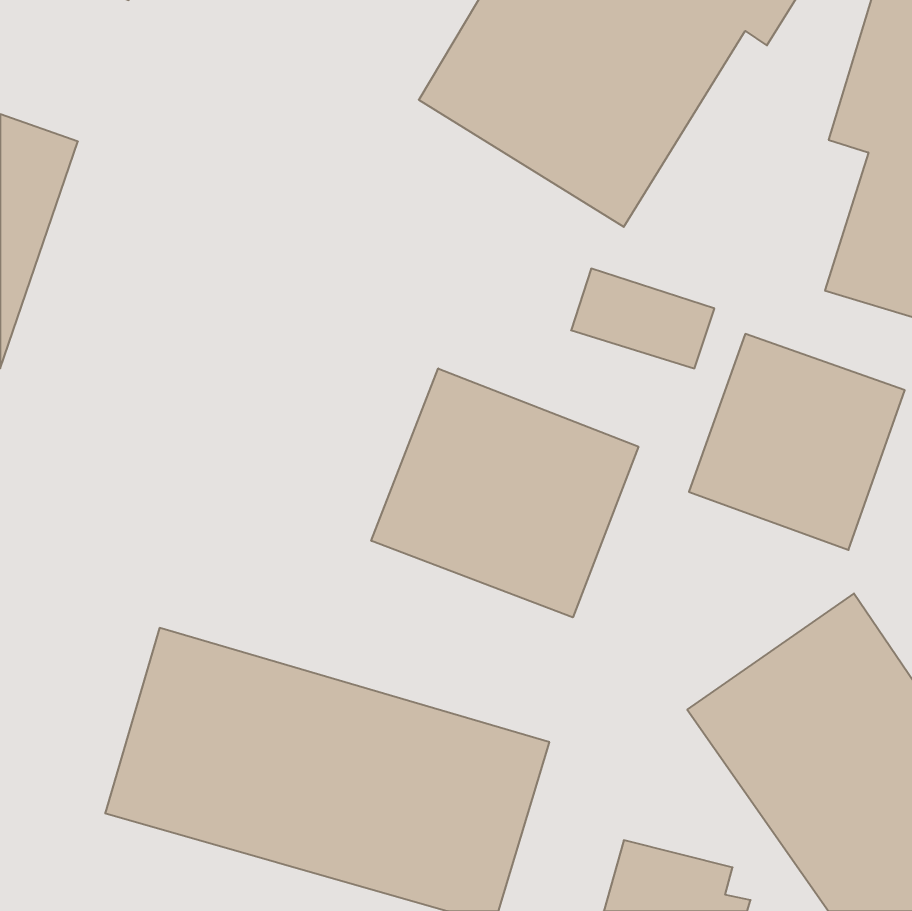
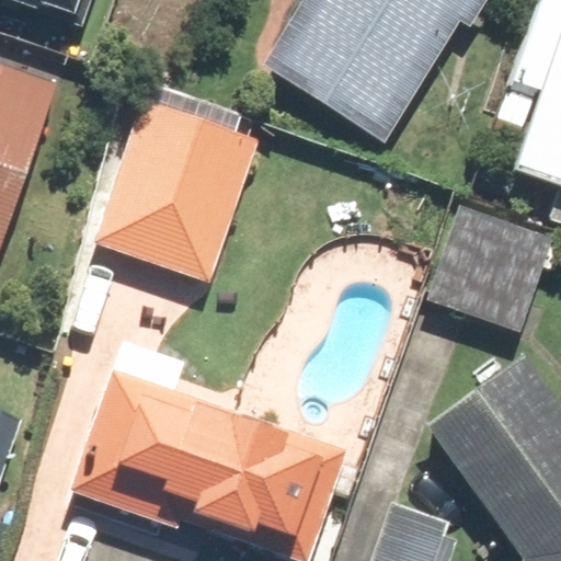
building: none -> [93,90,268,284]
building: [371,368,638,617] -> none

